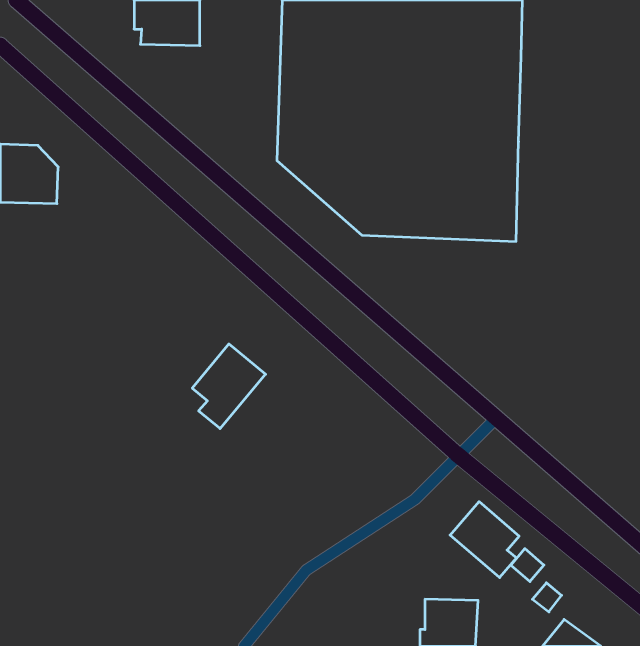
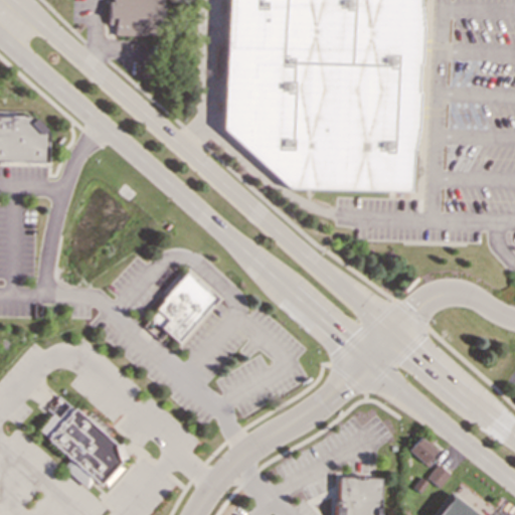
building: [450,502,519,578] -> none
building: none -> [40,403,130,488]

